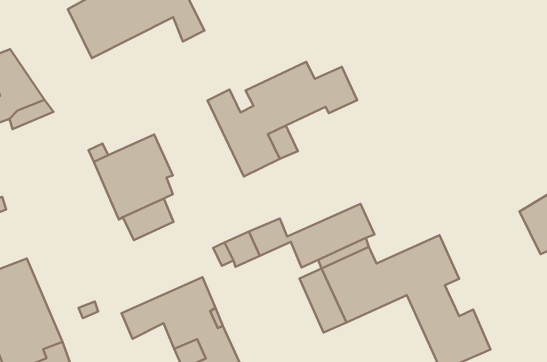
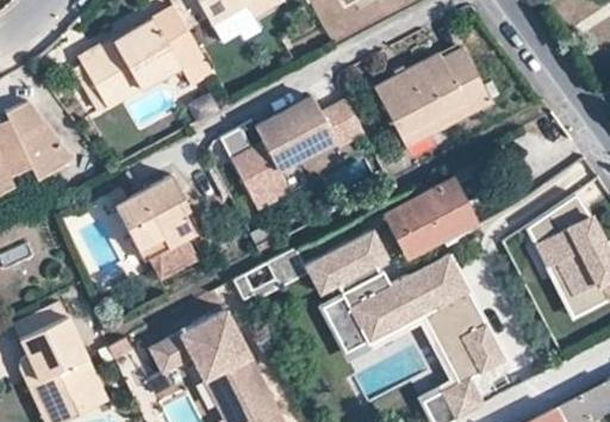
building: none -> [374,49,490,147]
building: none -> [385,180,473,256]

